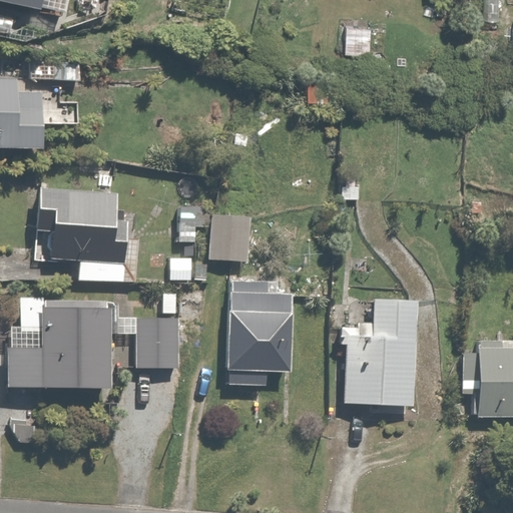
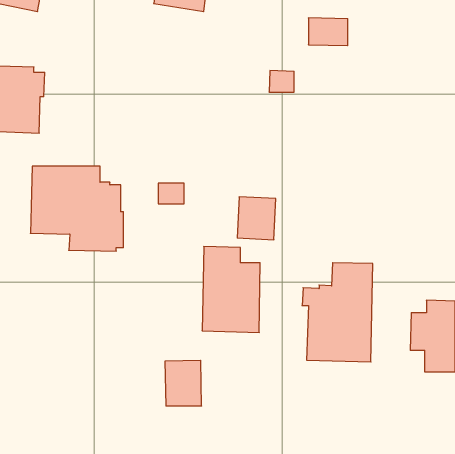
building: [209,214,252,263] -> [237,197,276,240]
building: [7,308,112,389] -> none
building: [138,315,179,366] -> [165,360,202,406]

